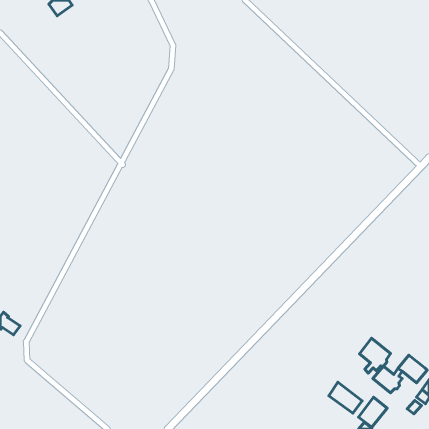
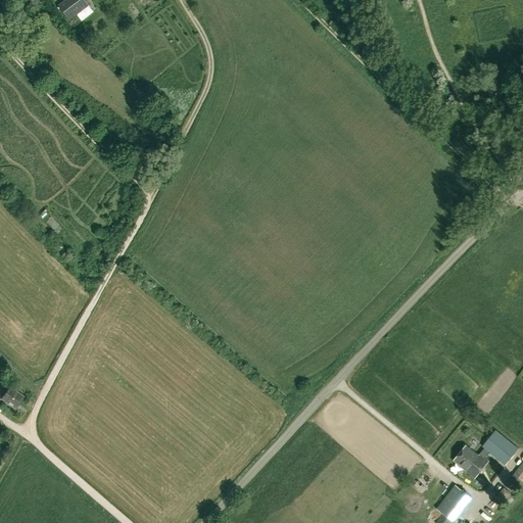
building: [359,338,390,373] -> none
building: [329,382,362,413] -> none

